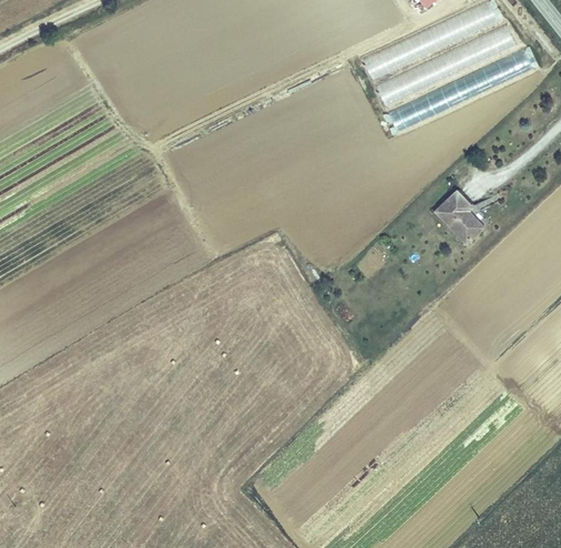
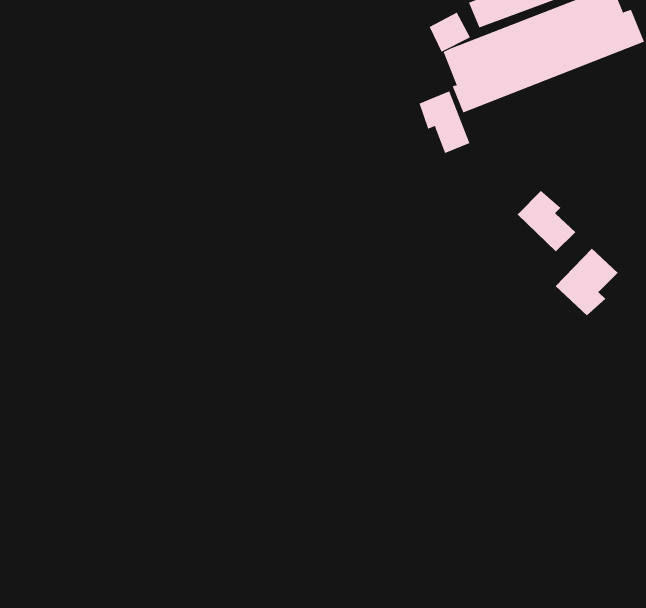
building: none -> [419,90,470,154]
building: none -> [555,248,618,316]

